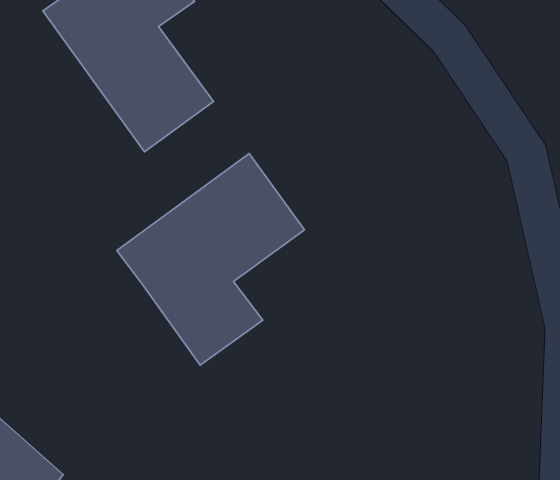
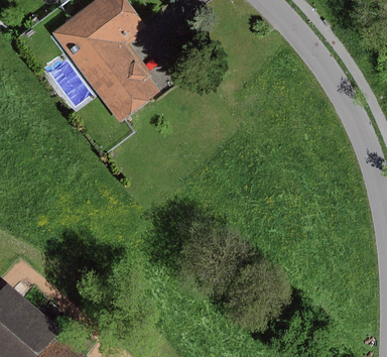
building: [117,154,305,365] -> none

